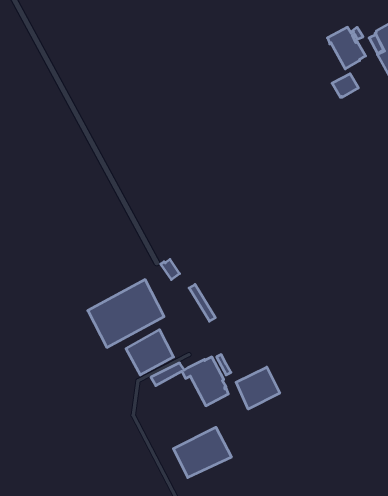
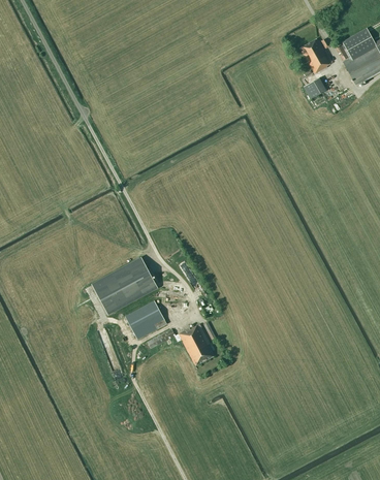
building: [236,367,280,409] -> none
building: [173,427,231,478] -> none

